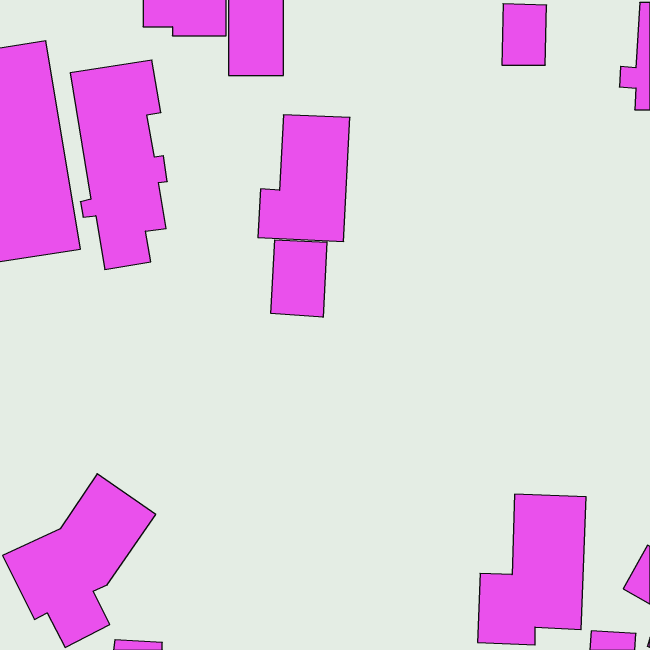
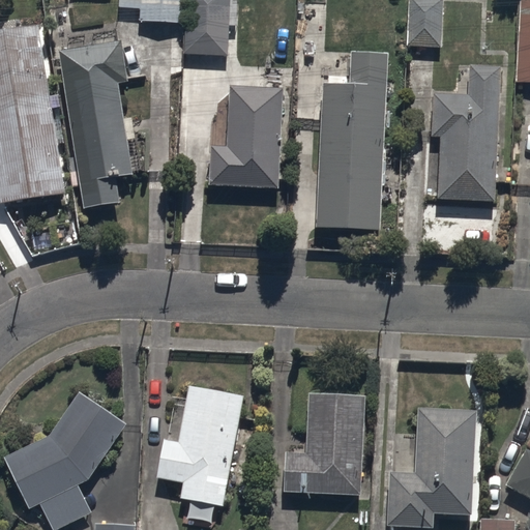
building: none -> [316,58,387,240]
building: none -> [430,72,500,209]
building: [271,240,327,317] -> none
building: none -> [157,378,242,500]
building: none -> [282,387,363,490]

